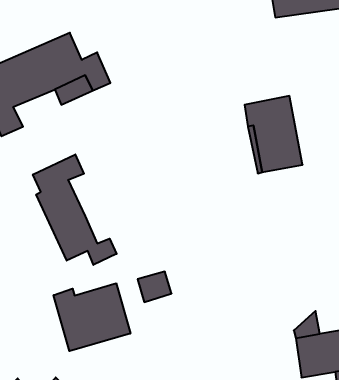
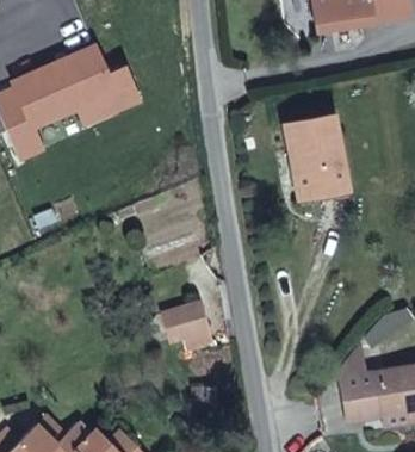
building: [33,154,117,265] -> none
building: [54,283,130,351] -> none

